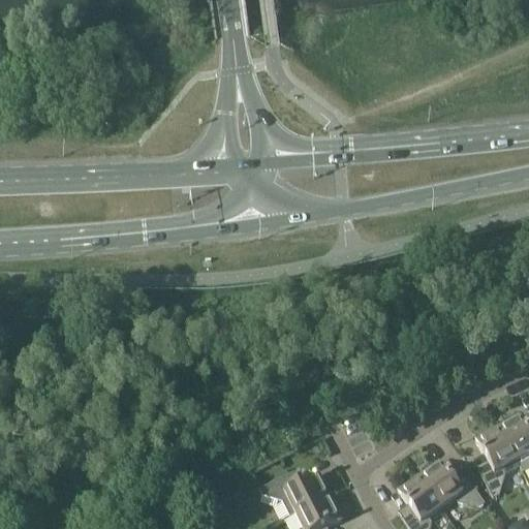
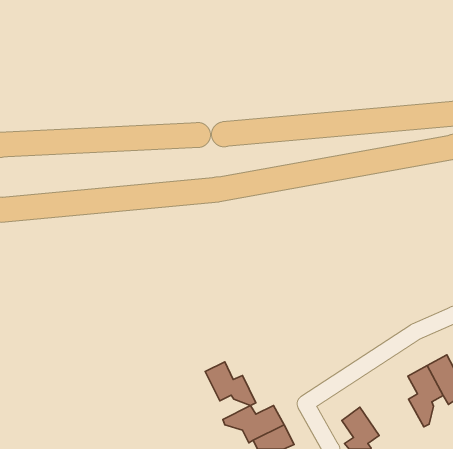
building: none -> [205,362,256,405]
building: [419,459,486,506] -> none

